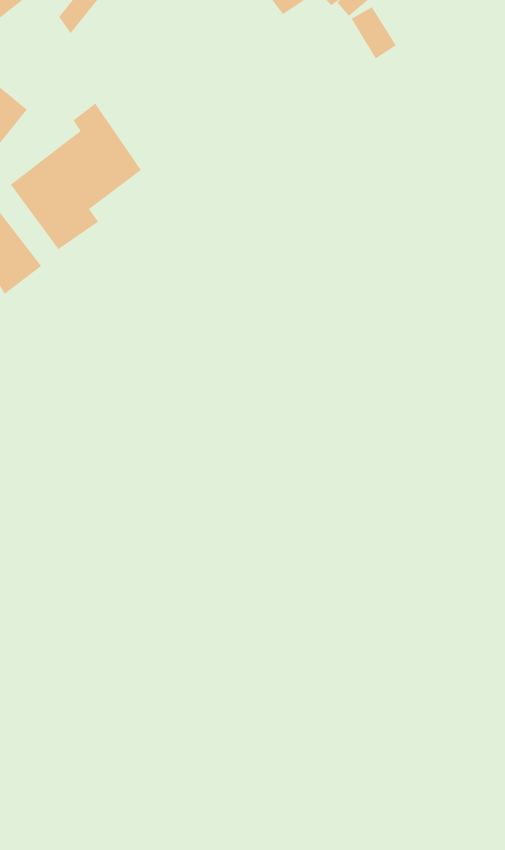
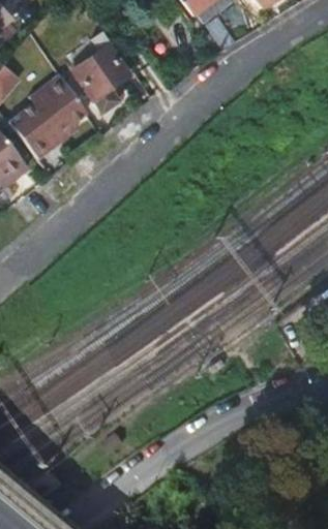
building: none -> [72,33,129,114]

